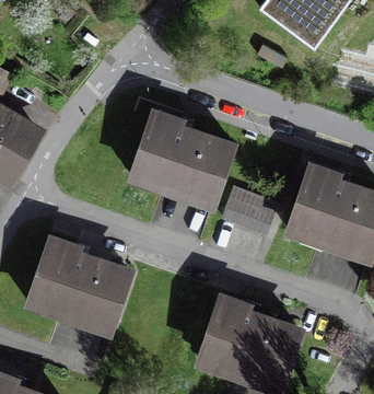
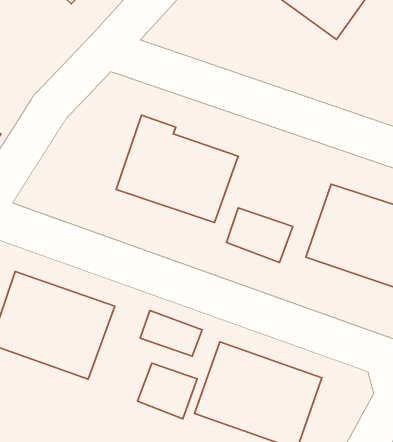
building: none -> [140,310,202,356]
building: none -> [138,363,197,419]

